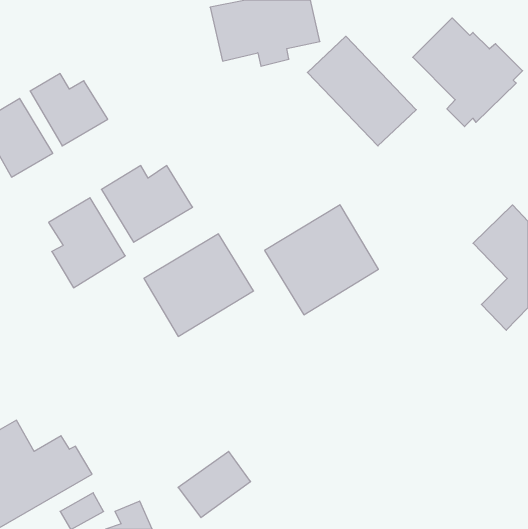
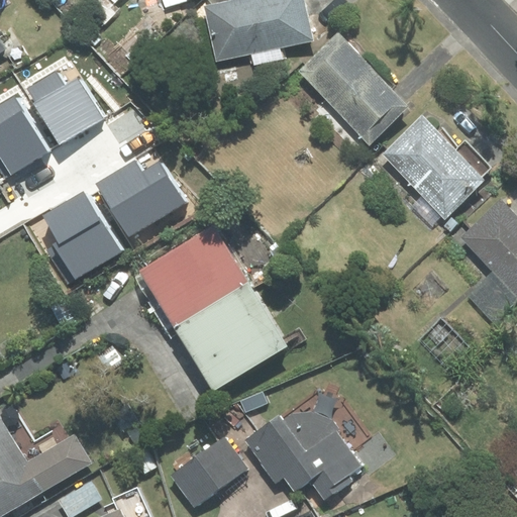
building: [413,18,523,127] -> [383,116,490,222]
building: [265,205,378,315] -> [174,284,285,391]
building: none -> [245,411,361,502]

